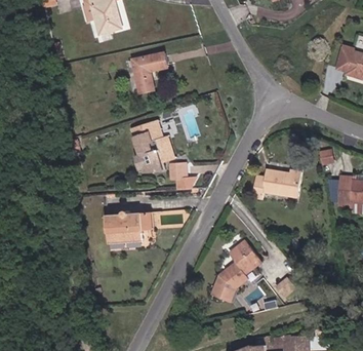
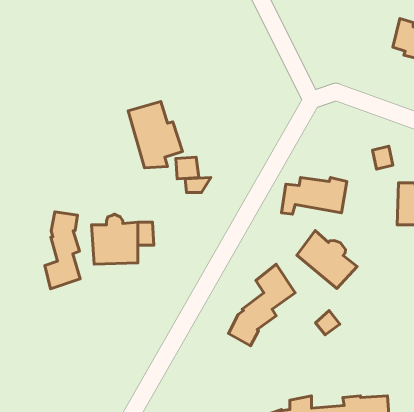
building: [130,48,164,88] -> none
building: none -> [45,212,80,289]
building: none -> [297,231,357,288]

